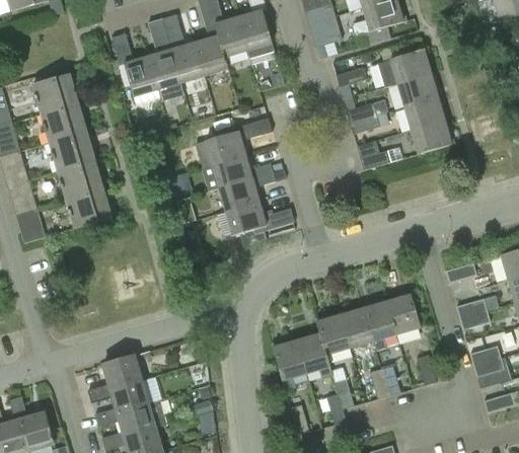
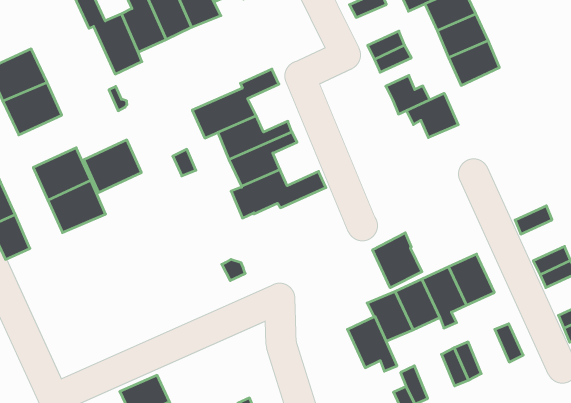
building: [50,132,95,171] -> [84,140,141,192]
building: none -> [407,93,458,138]
building: none -> [373,233,422,288]
building: [273,341,306,390] -> none

